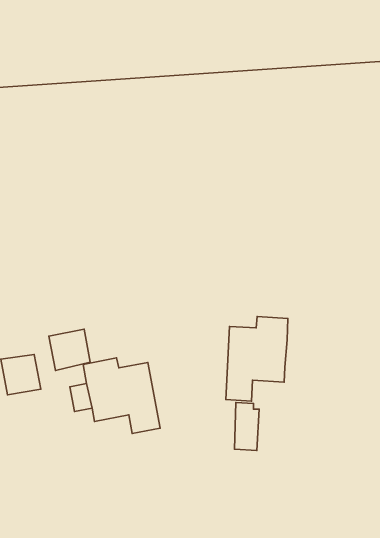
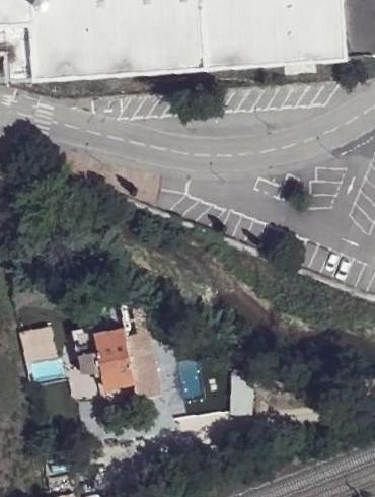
building: [226,317,288,401] -> none
building: [49,329,90,370] -> none

